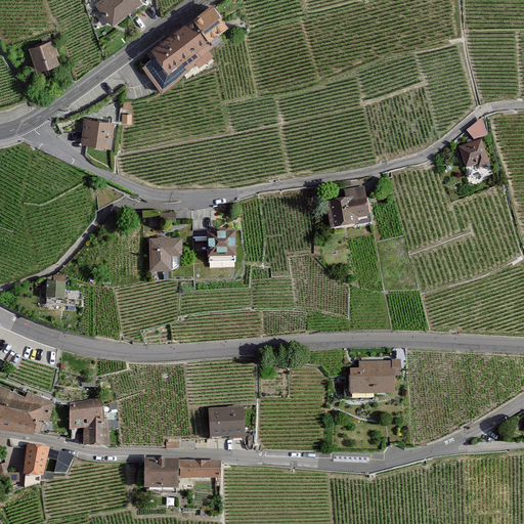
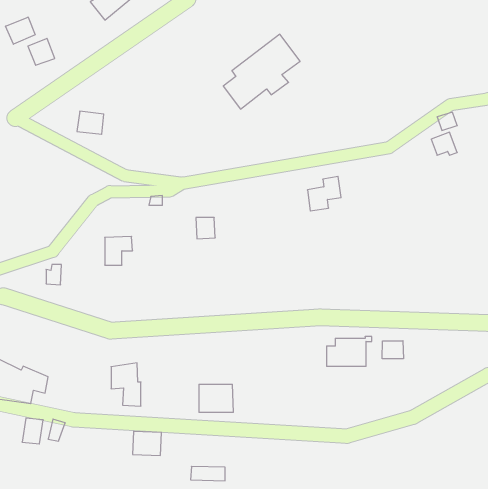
building: [144,8,226,88] -> [223,34,300,109]
building: none -> [6,17,35,44]
building: [150,238,180,269] -> [105,236,133,265]
building: none -> [382,341,403,359]
building: [72,400,103,446] -> [111,363,141,406]
building: [179,462,216,477] -> [191,466,225,481]

